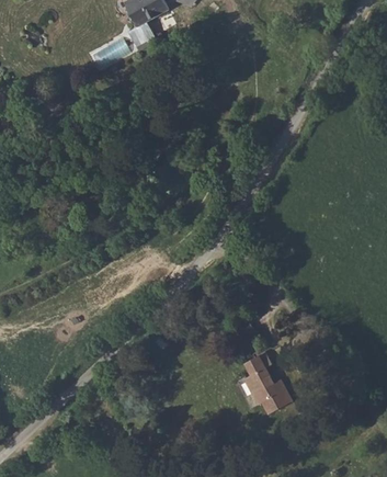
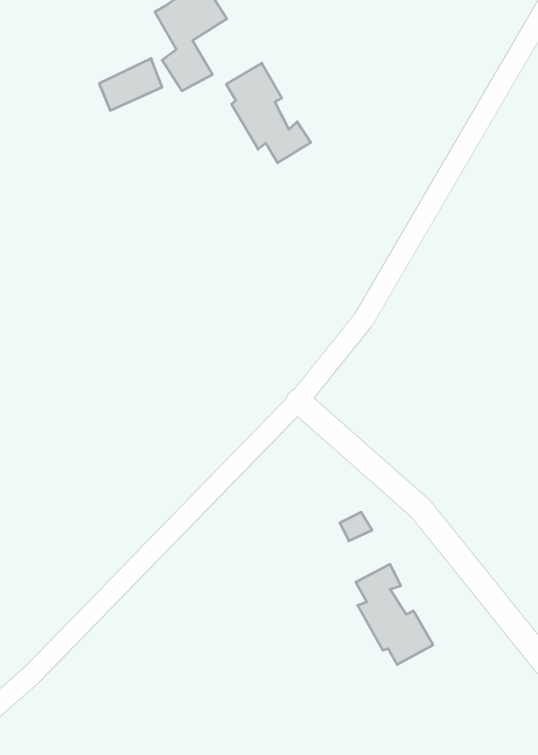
building: none -> [226,63,311,163]

